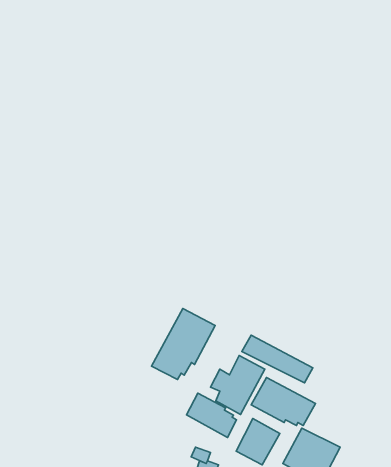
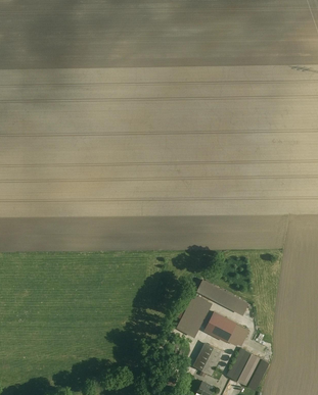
building: [151,309,215,380] -> none
building: [186,393,237,438] -> none

